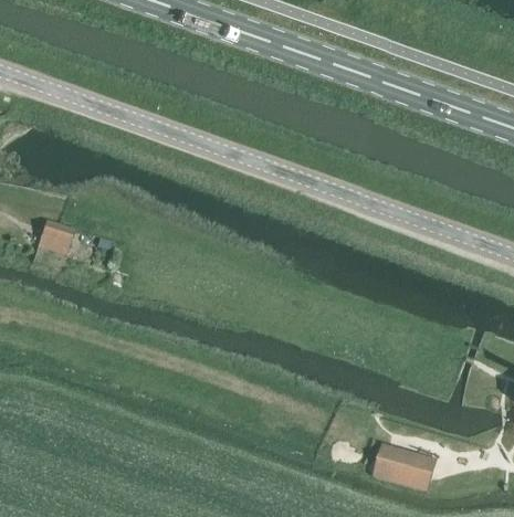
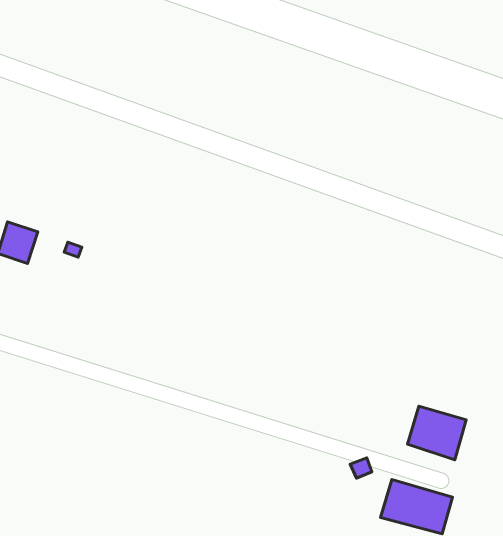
building: none -> [407,406,466,460]

